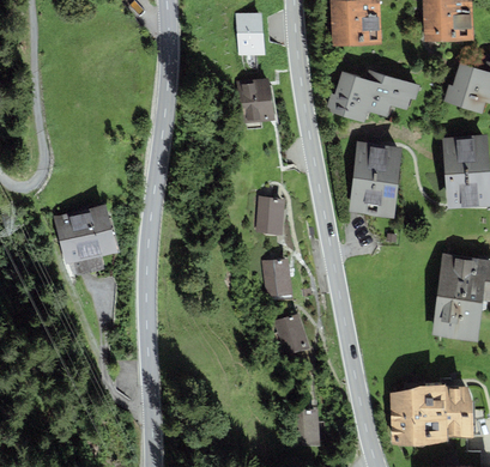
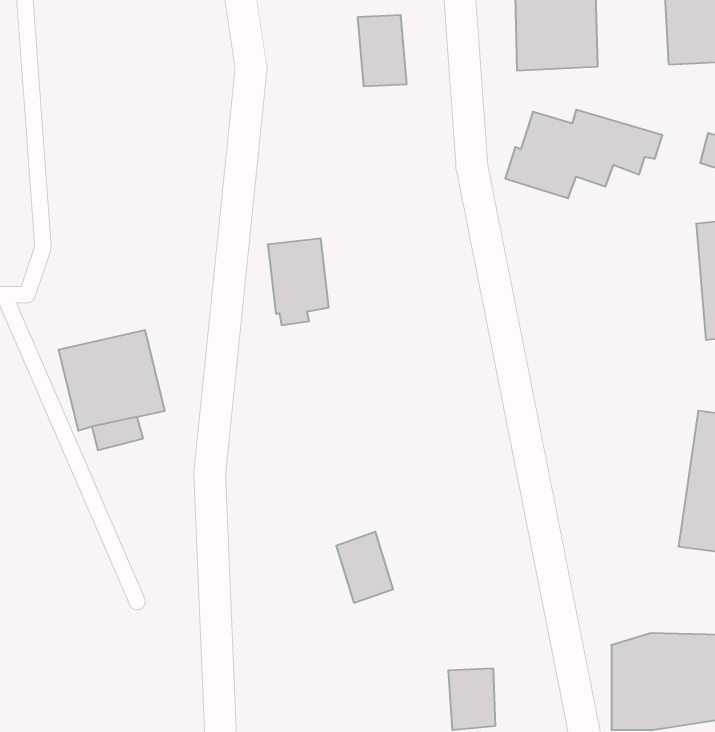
building: [238,77,276,129] -> [268,239,329,325]
building: [349,141,403,217] -> none
building: [256,195,286,234] -> none
building: [262,256,294,296] -> none
building: [276,311,310,354] -> [336,532,393,603]

